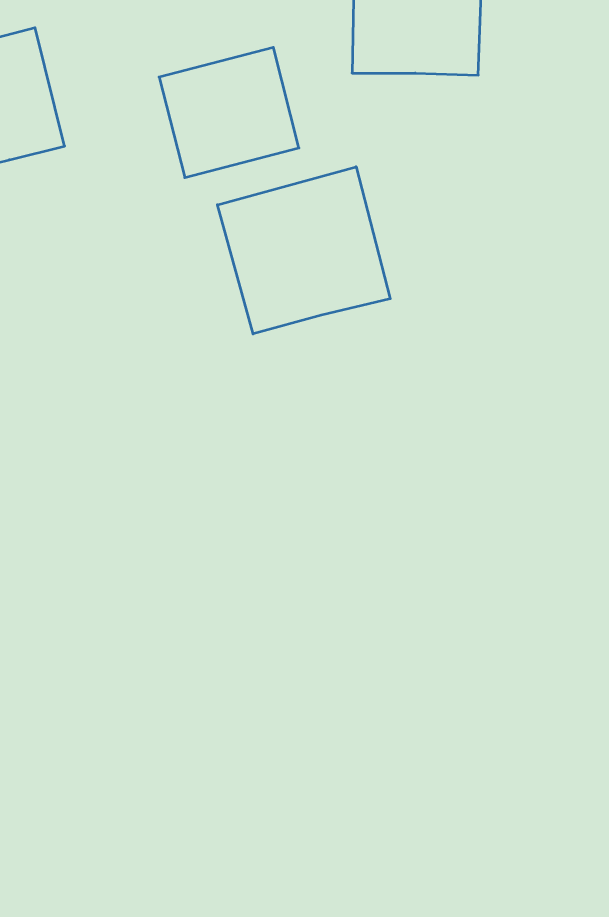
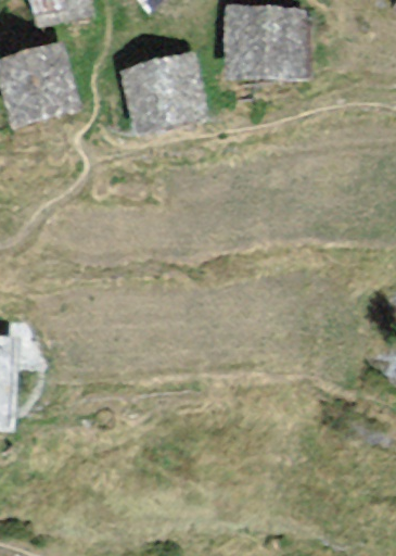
building: [217,167,390,334] -> none

